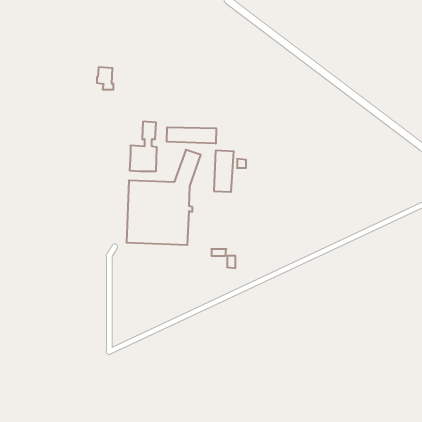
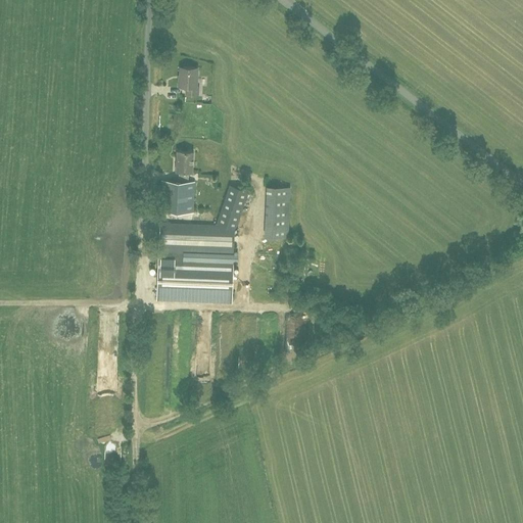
building: [97,67,113,90] -> [178,67,198,95]
building: [167,127,216,144] -> none

